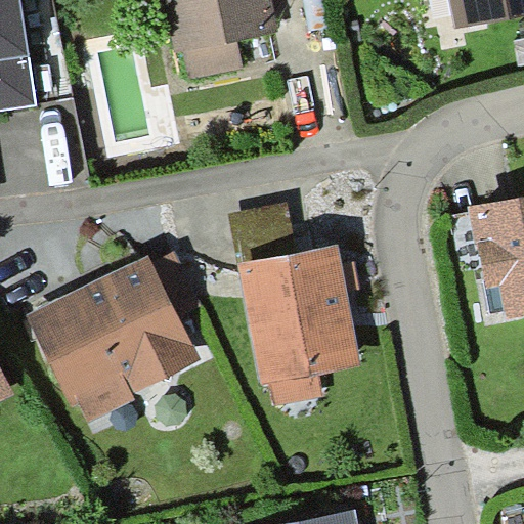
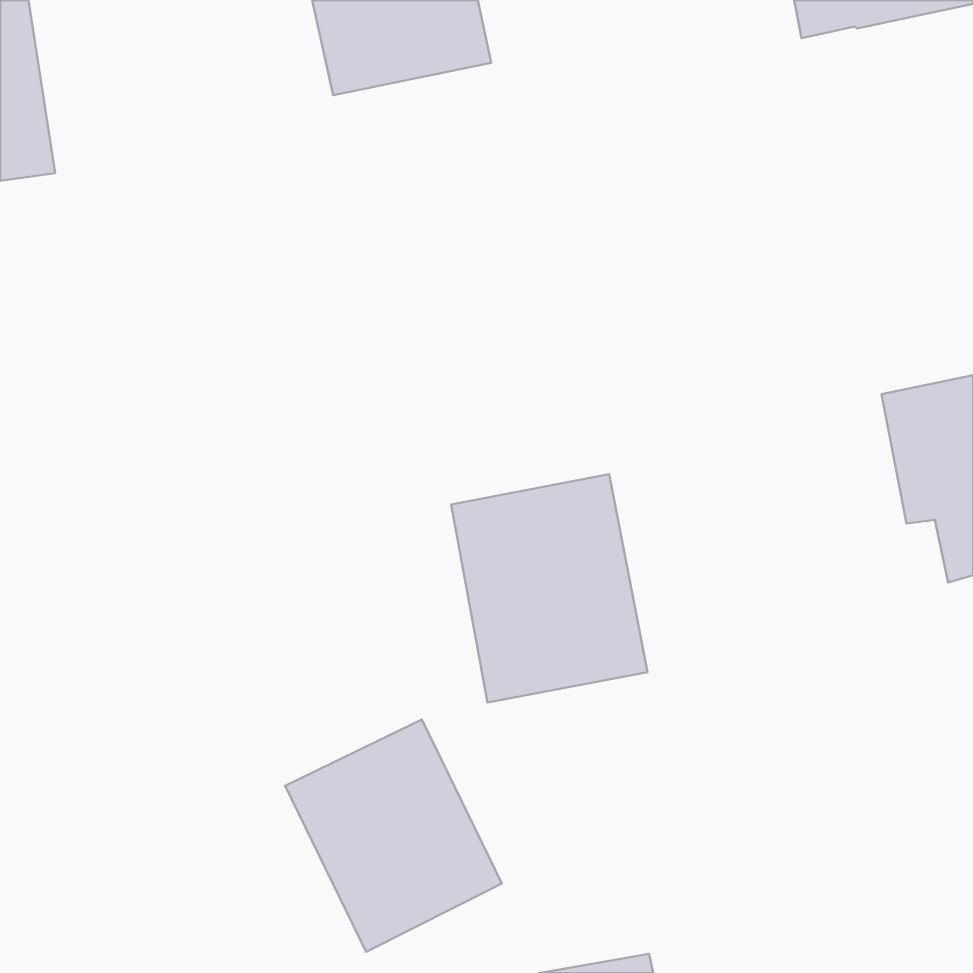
building: [35,257,184,396] -> none
building: none -> [285,719,502,952]

